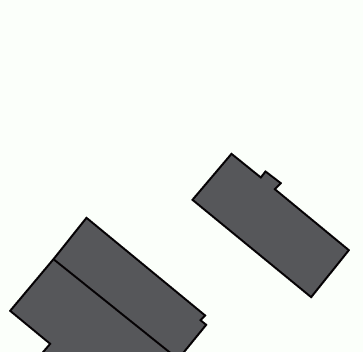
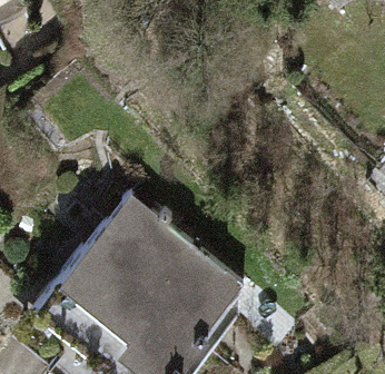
building: [193,154,349,297] -> [98,194,246,329]

